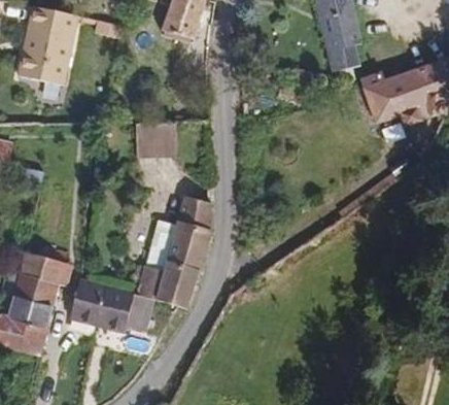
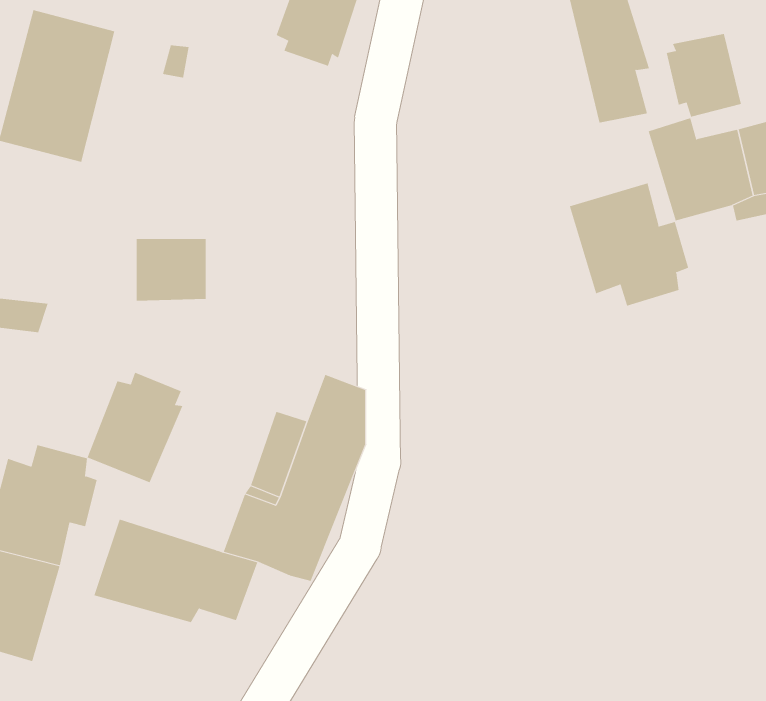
building: none -> [666,33,741,117]
building: none -> [569,183,689,307]
building: [140,120,177,153] -> [136,239,206,301]
building: none -> [87,372,183,483]

